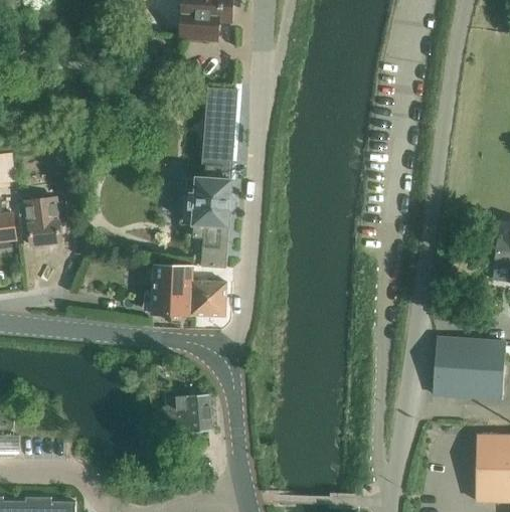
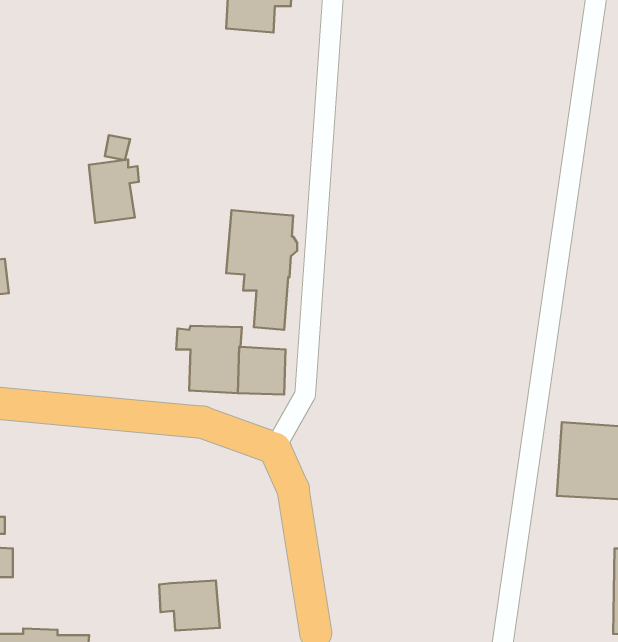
building: [203,88,236,180] -> none
building: [25,197,63,245] -> [89,160,139,223]
building: [166,394,212,433] -> [159,580,220,630]

